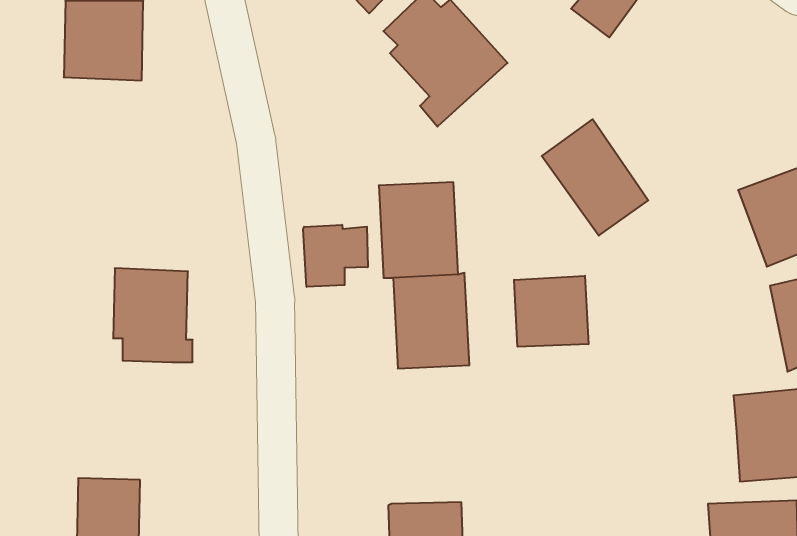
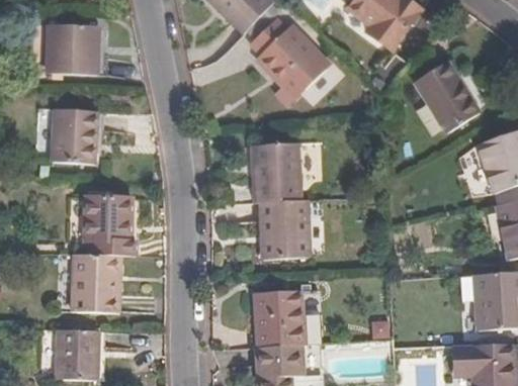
building: [542,119,648,236] -> [416,59,484,132]
building: none -> [50,108,97,164]
building: [303,225,368,287] -> none
building: [514,276,588,347] -> none
building: none -> [69,253,118,313]
building: none -> [257,294,305,345]

